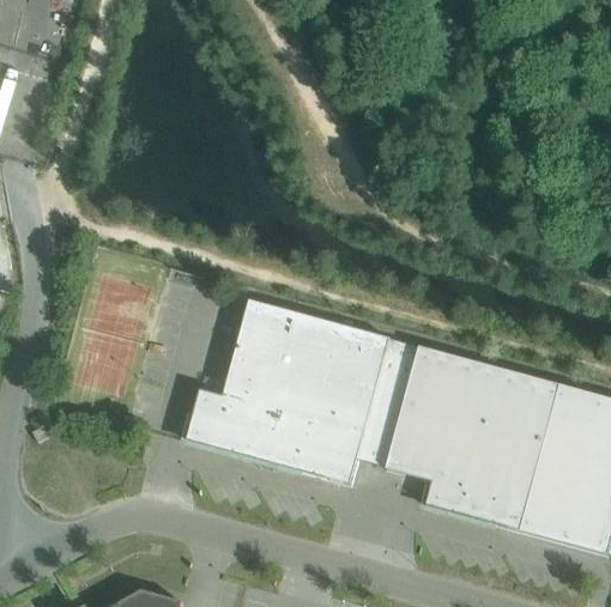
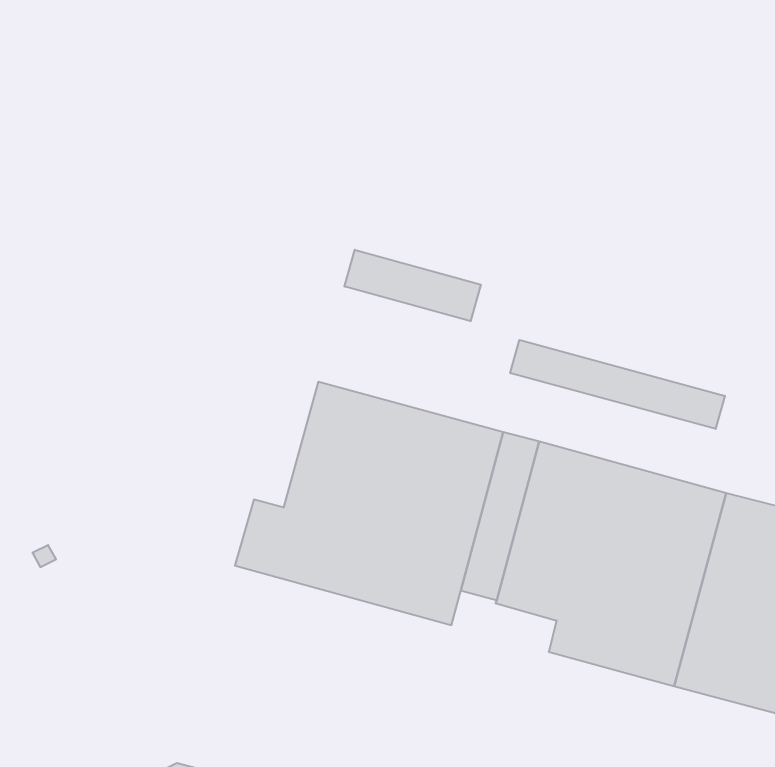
building: none -> [344,250,481,321]
building: none -> [510,340,725,429]

